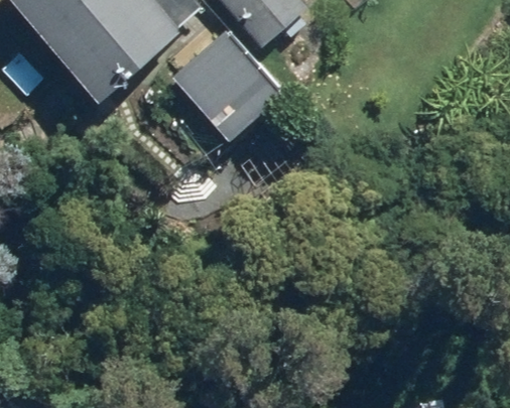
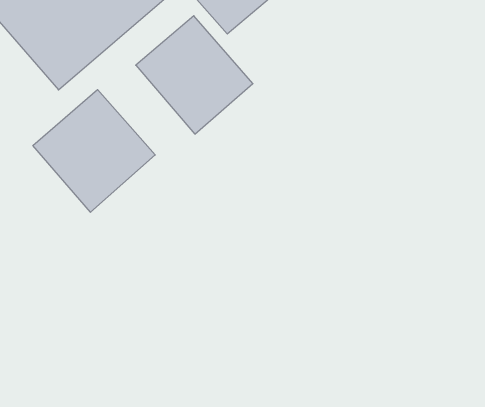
building: none -> [33,90,155,212]

